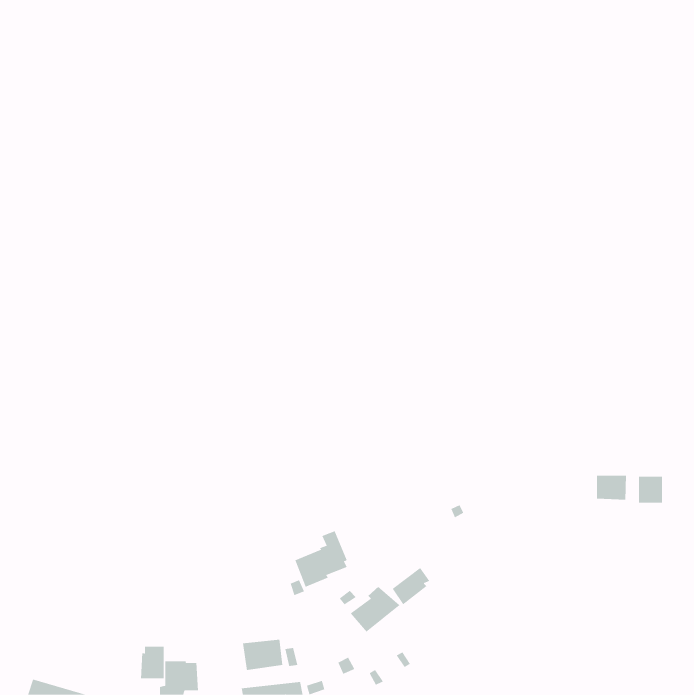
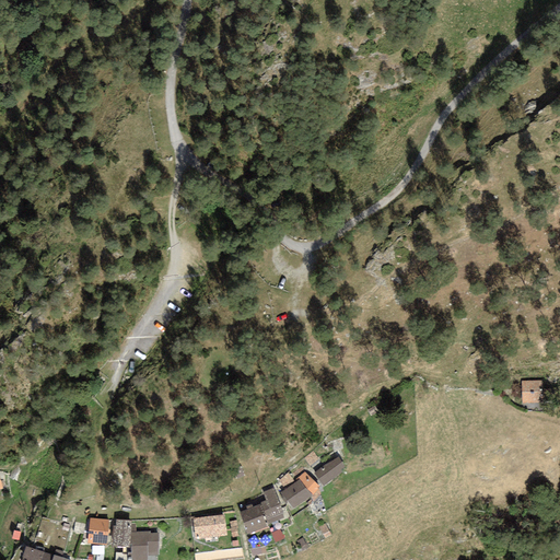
building: [597,475,627,501] -> none
building: [294,530,347,588] -> [241,488,283,534]
building: none -> [88,518,109,545]

